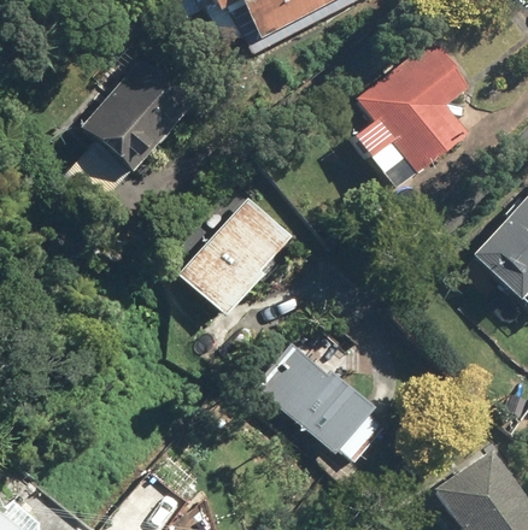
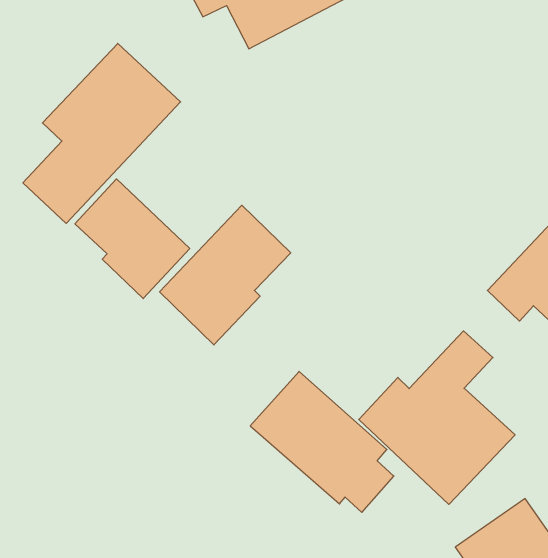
building: [352,36,469,189] -> none
building: none -> [75,179,190,299]
building: none -> [359,331,515,504]

